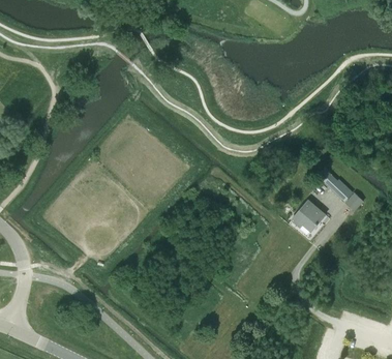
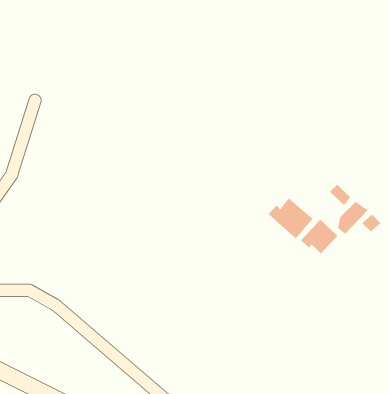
building: none -> [268,197,313,239]

